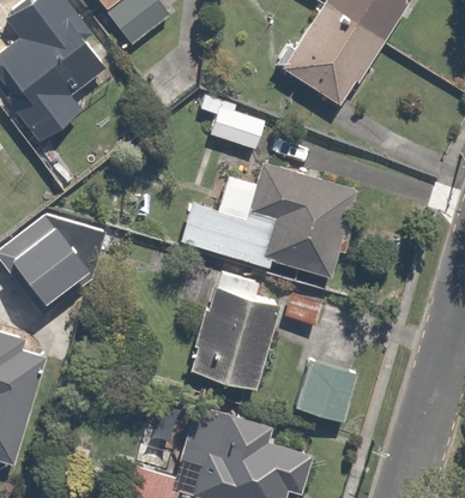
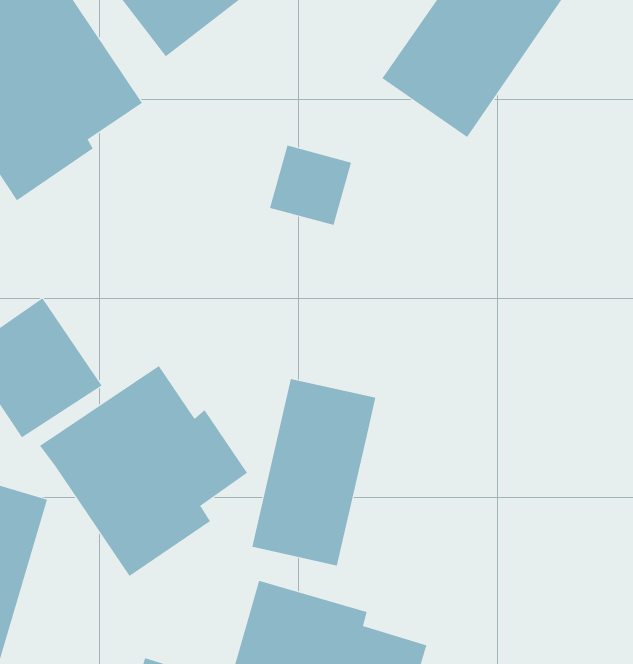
building: [179,162,362,289] -> none
building: none -> [39,365,248,577]
building: [292,359,355,424] -> none

